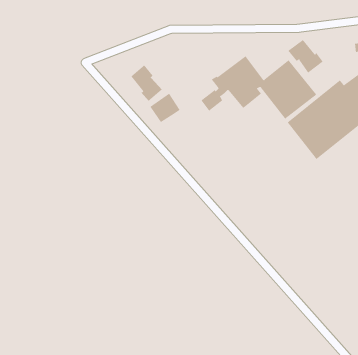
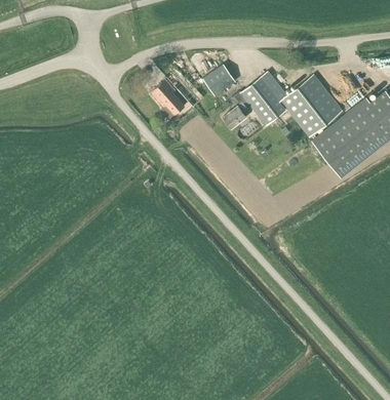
building: [288,39,323,73] -> none
building: [150,93,181,123] -> [203,64,235,94]

